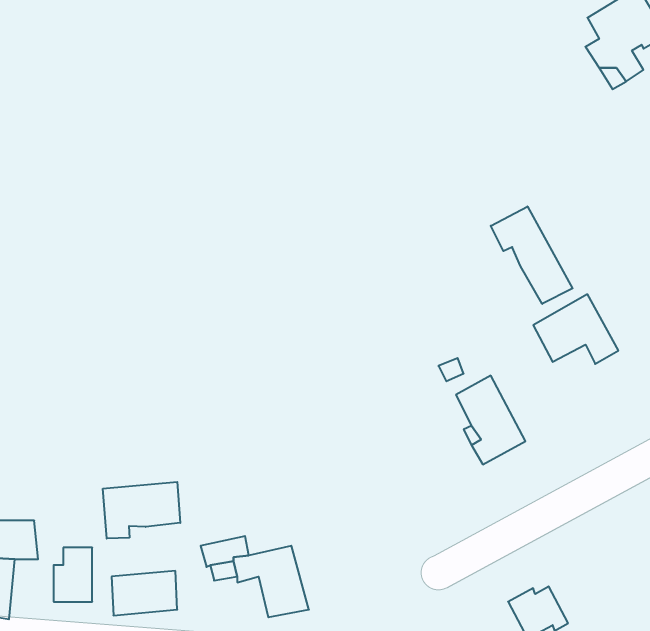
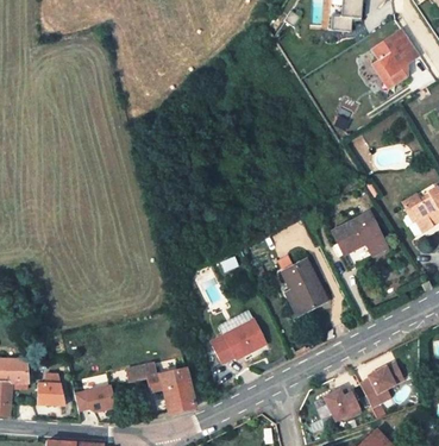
building: [491,206,573,304] -> none
building: none -> [215,323,271,366]
building: [103,482,180,539] -> none
building: none -> [356,368,399,412]

